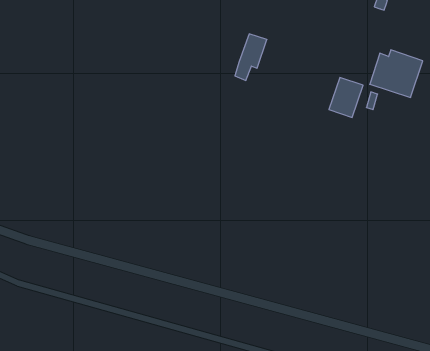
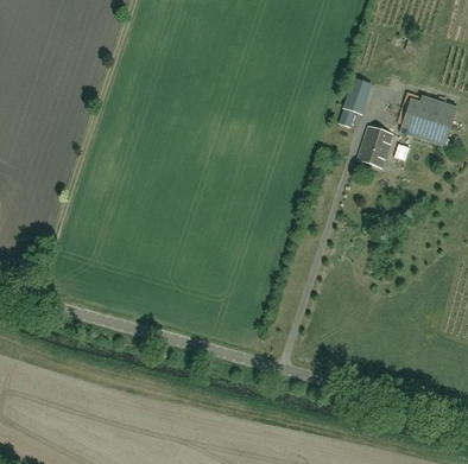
building: [235,34,267,80] -> [337,77,372,127]

